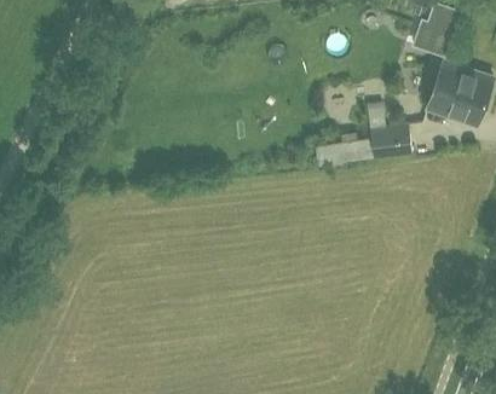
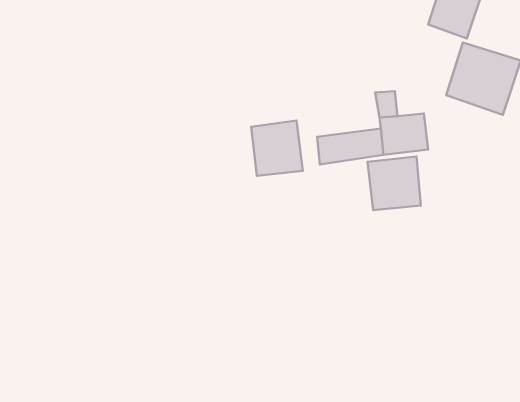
building: none -> [251,121,303,176]
building: none -> [367,156,421,210]

